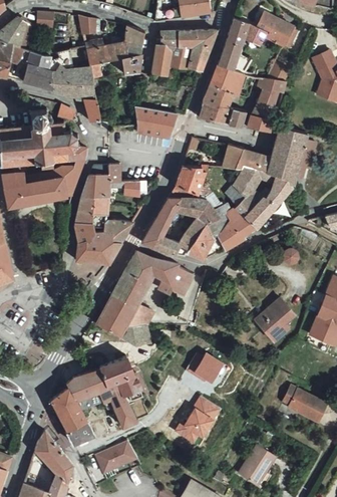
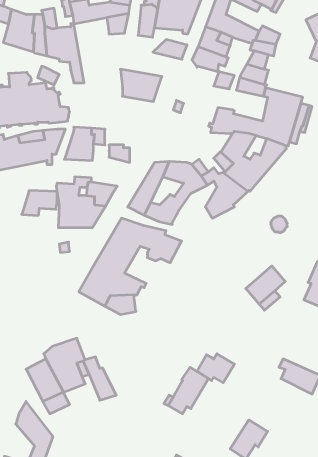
building: [197,104,230,123] -> [153,40,187,59]
building: [175,167,209,195] -> none
building: [73,195,107,219] -> [22,191,57,215]
building: [185,216,228,261] -> none
building: [187,353,223,382] -> [197,354,234,383]
building: [91,355,135,398] -> none
building: [91,441,133,474] -> none

